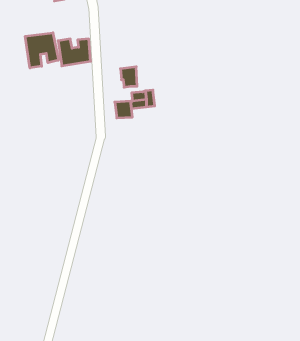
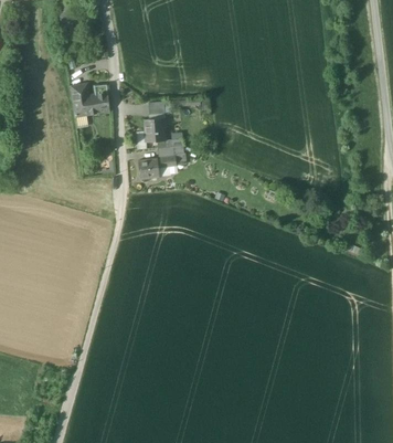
building: [25,33,58,68] -> none

